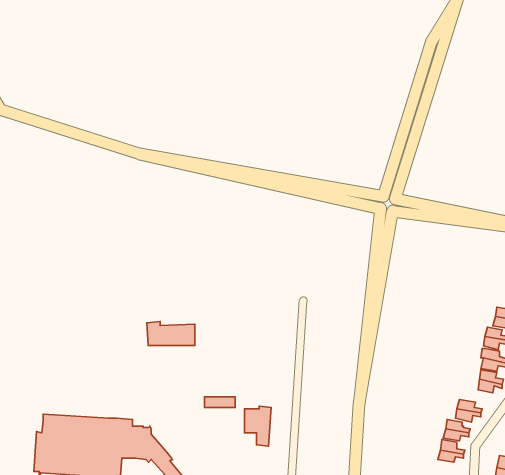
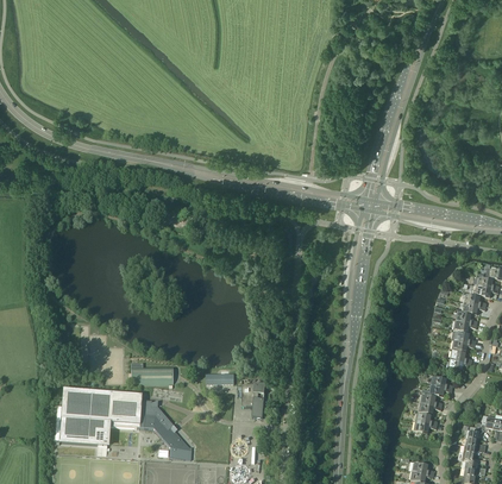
building: [147,322,195,346] -> [128,363,171,384]

